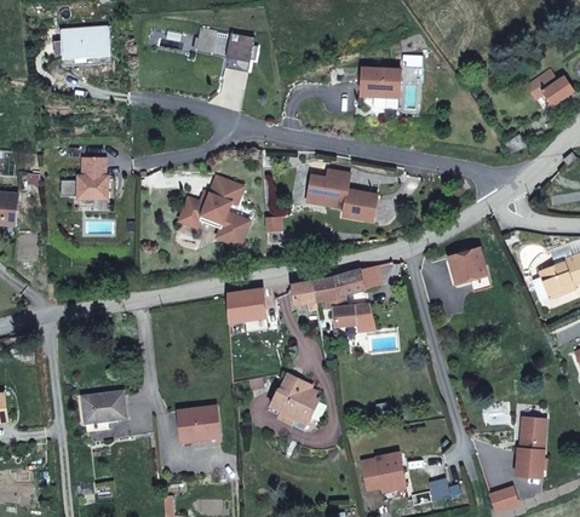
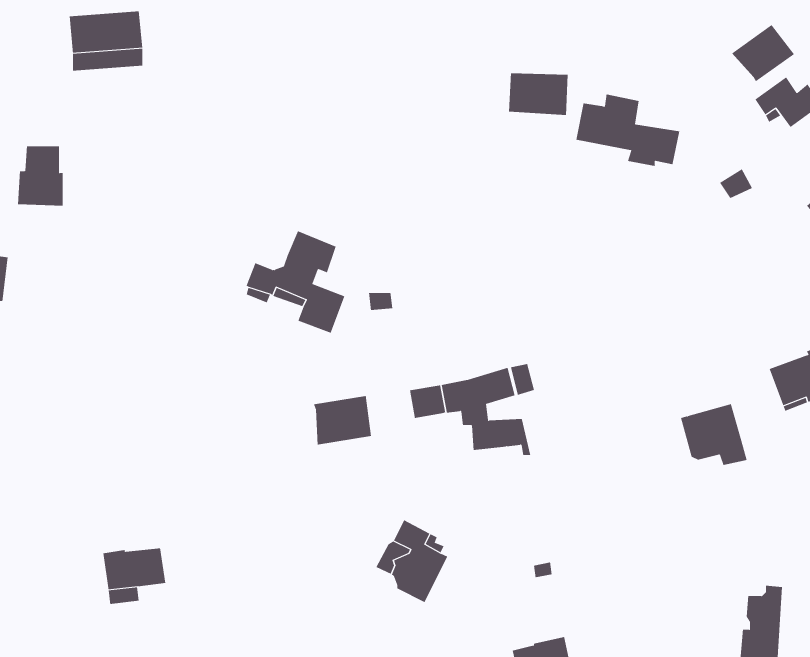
building: [195,27,257,71] -> none
building: none -> [731,24,795,82]
building: [75,157,107,199] -> [17,146,63,206]
building: [306,170,378,219] -> [576,94,680,167]
building: [444,248,490,291] -> [680,404,748,466]
building: [178,406,220,442] -> none

